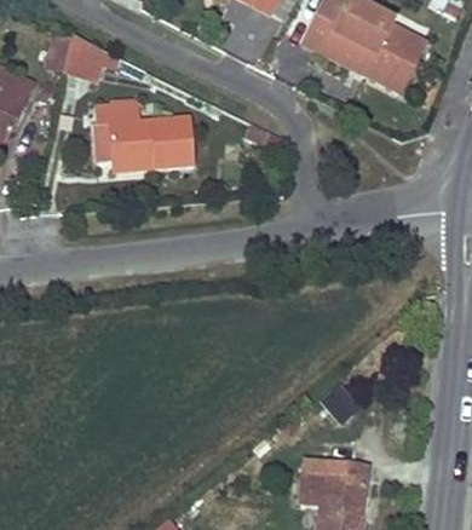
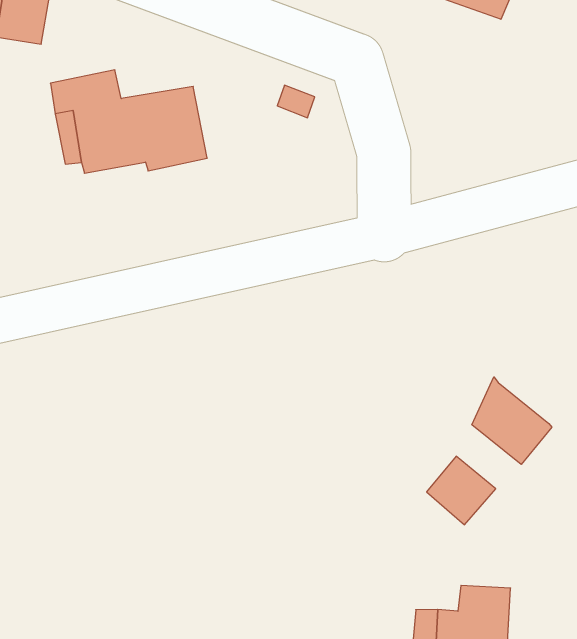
building: none -> [472,377,552,464]

